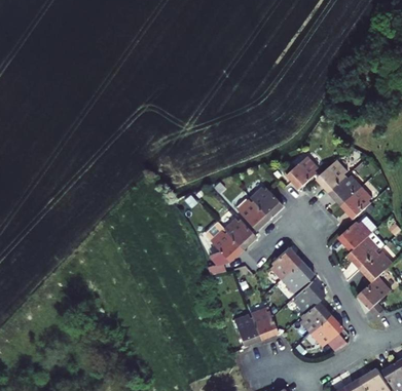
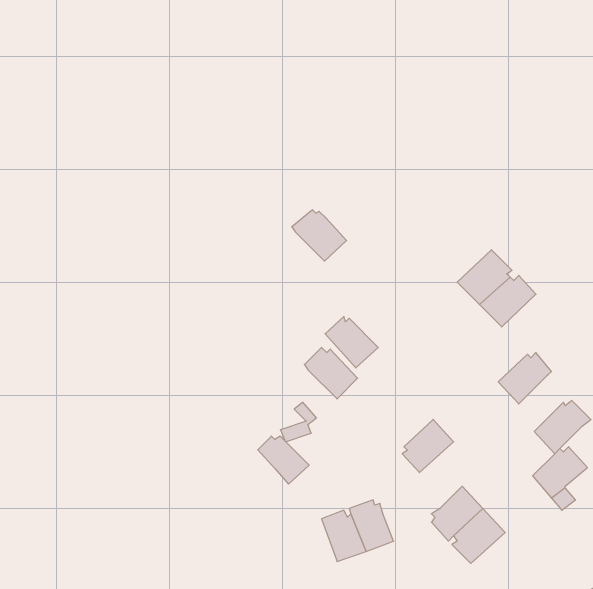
building: [285,157,316,189] -> none
building: [341,186,372,218] -> none
building: [248,187,281,218] -> [292,210,347,261]
building: [212,231,243,260] -> [258,436,309,484]
building: [349,234,379,268] -> none
building: [269,247,300,279] -> none
building: [293,280,325,314] -> none

